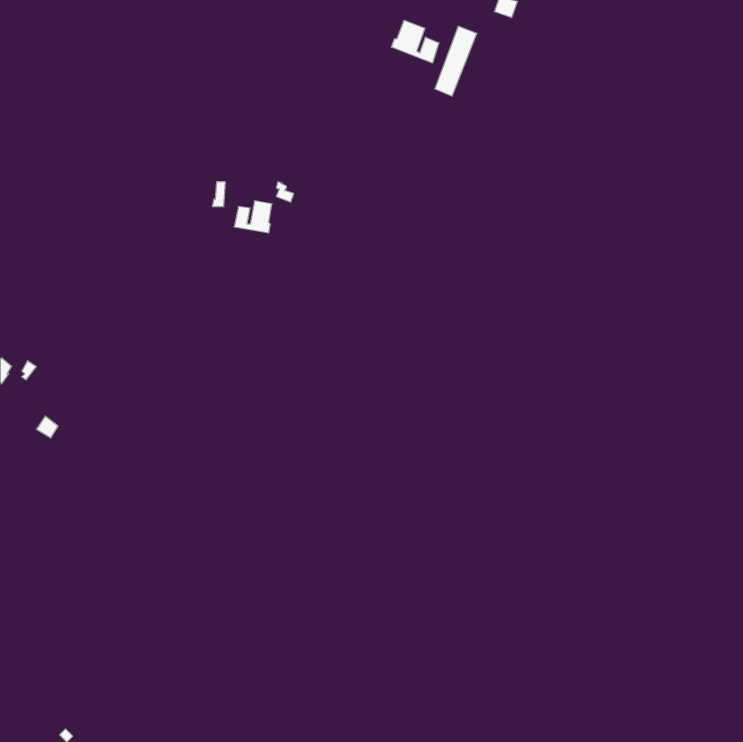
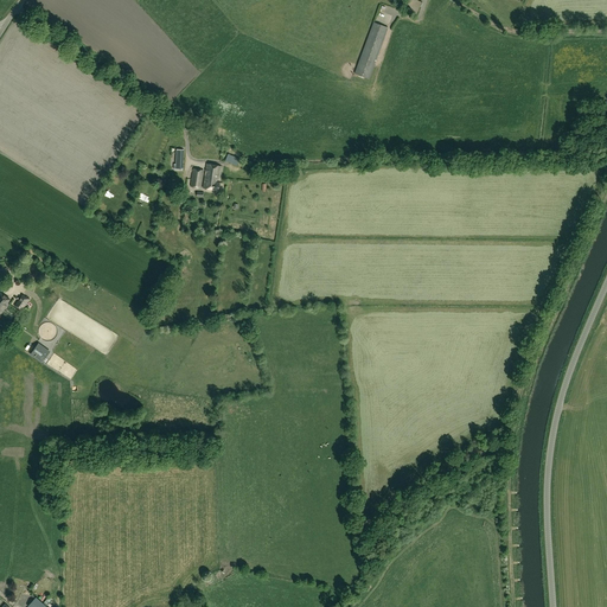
building: [391,20,439,63] -> none

